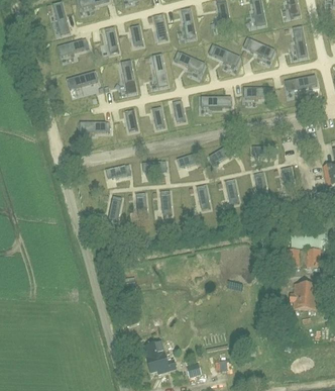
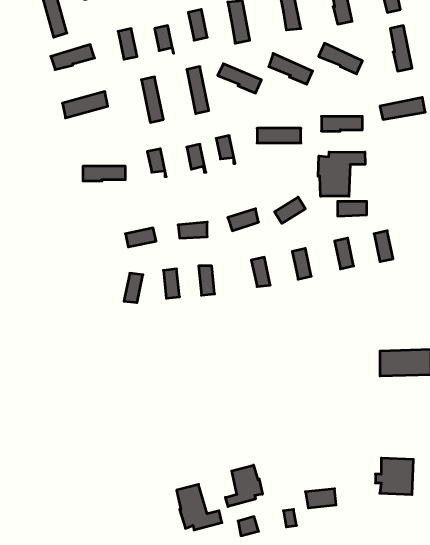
building: none -> [318,152,365,196]
building: [289,284,315,309] -> [375,458,413,495]
building: none -> [225,465,262,507]

